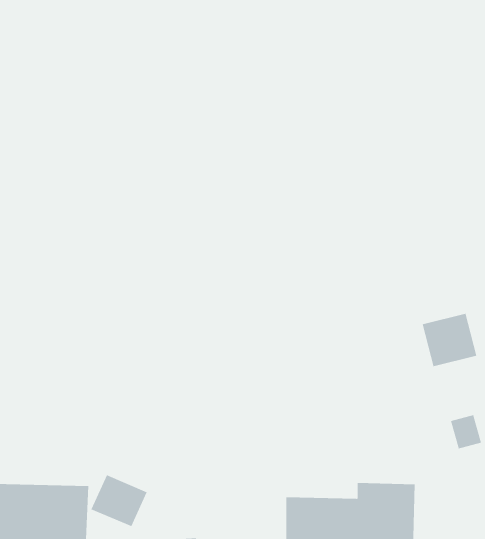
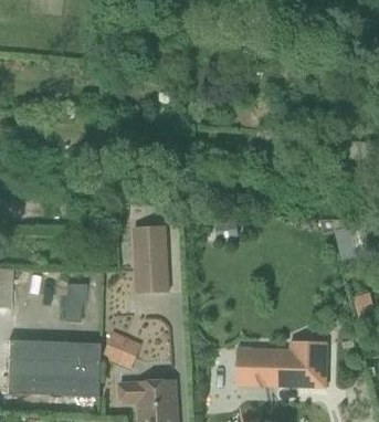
building: none -> [134,224,170,293]
building: none -> [62,283,82,320]

